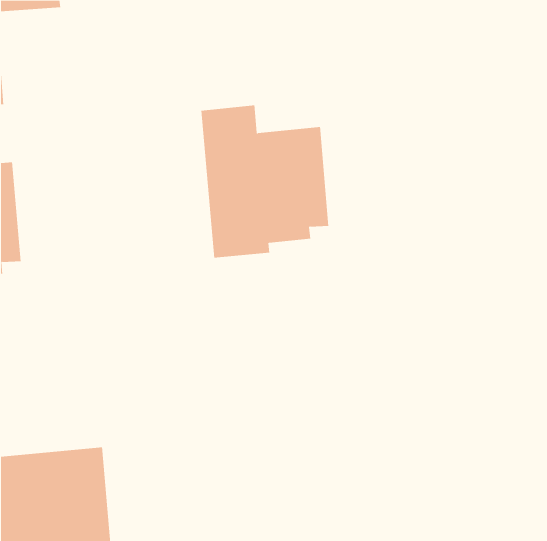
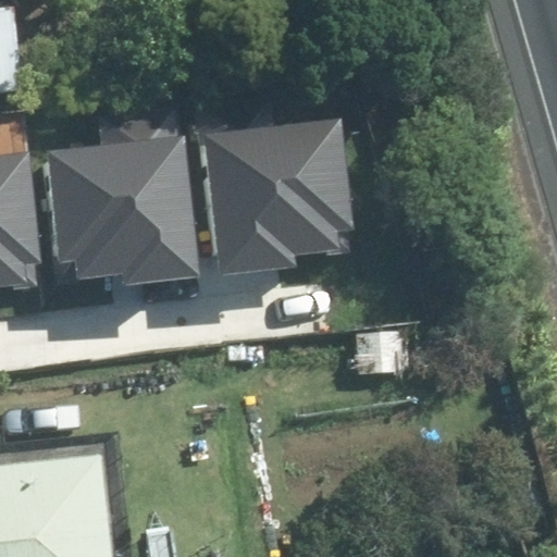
building: none -> [50,121,181,275]

